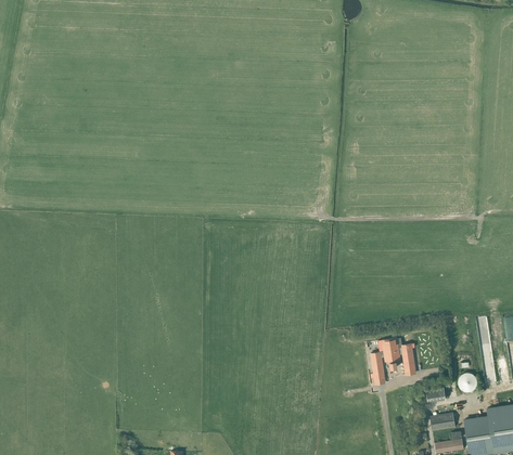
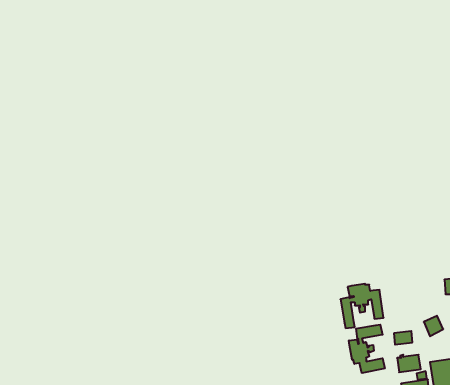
building: none -> [349,325,385,373]

